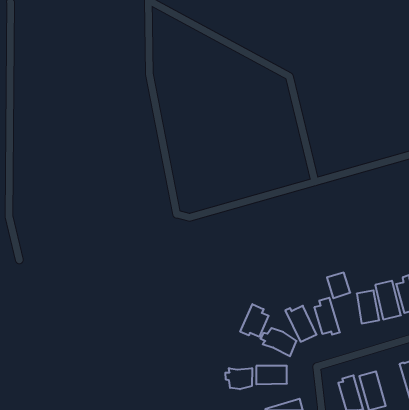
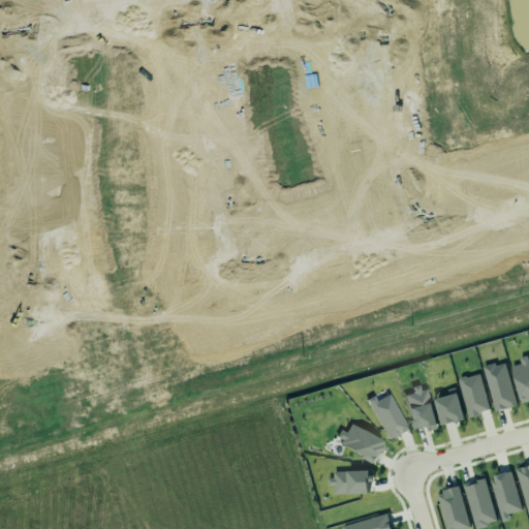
building: [327,273,350,298] -> [435,390,465,423]
building: [240,304,269,337] -> none
building: none -> [491,471,522,522]
building: [225,368,252,389] -> none

